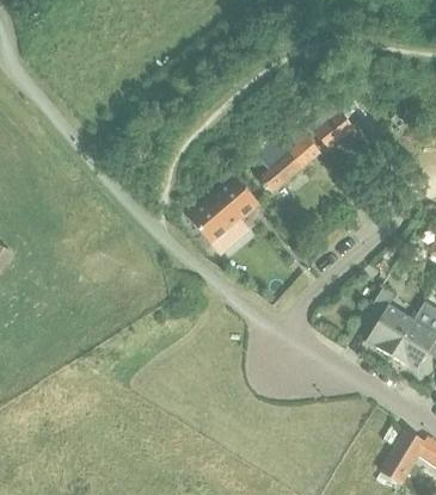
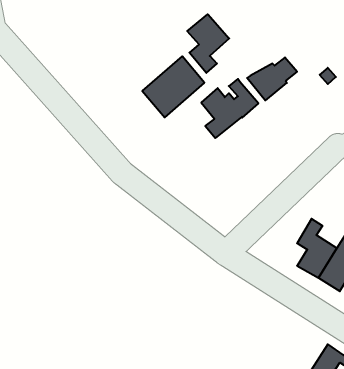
building: none -> [187,14,229,73]
building: [188,174,260,246] -> [142,56,204,117]

